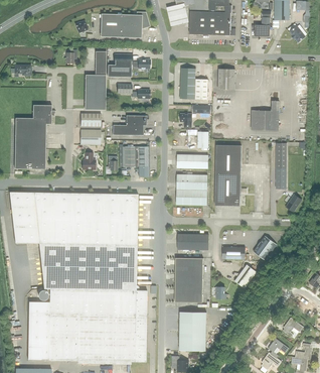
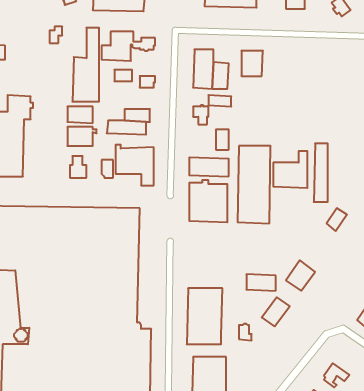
building: [251,101,278,130] -> [273,151,307,188]
building: [177,233,207,249] -> none

